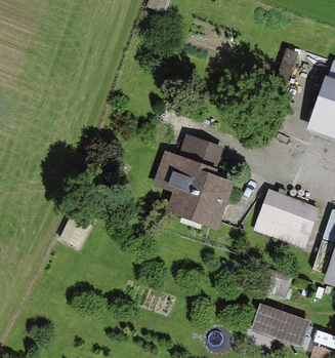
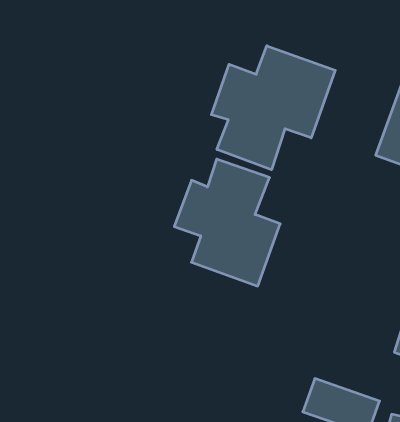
building: none -> [211,46,335,170]
building: [254,188,321,247] -> none

